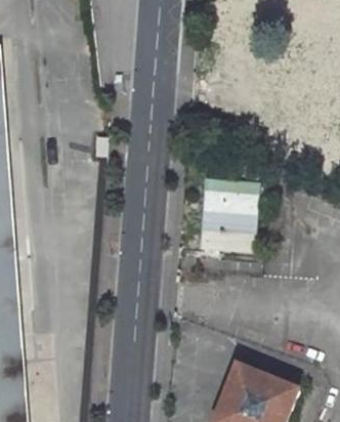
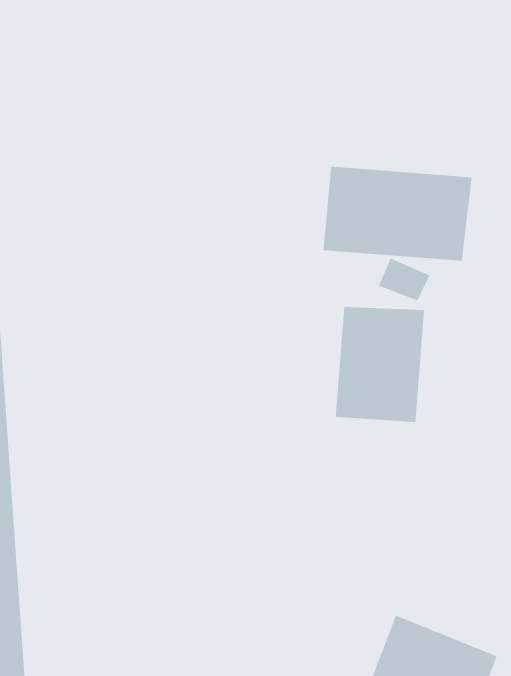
building: none -> [323,166,472,261]

